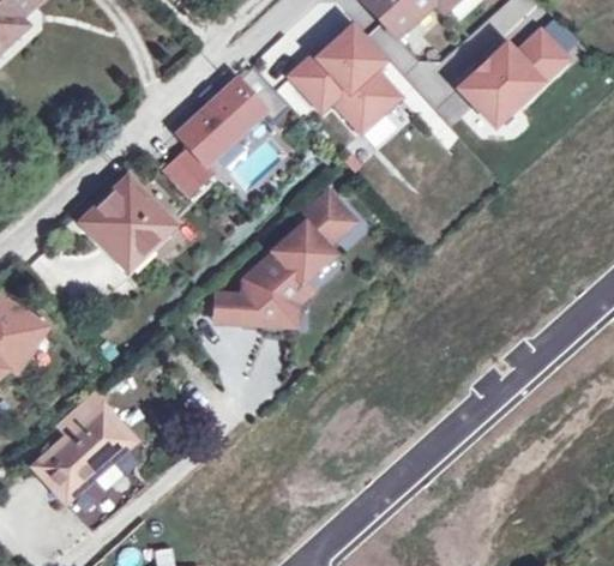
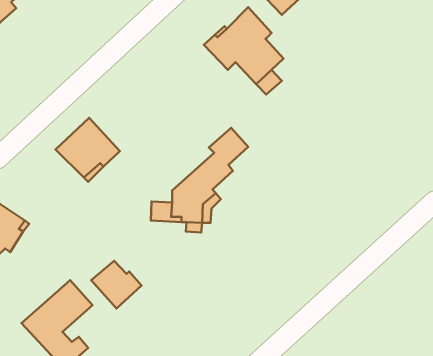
building: [459,29,566,124] -> none
building: [163,65,291,199] -> none
building: none -> [91,261,142,309]

